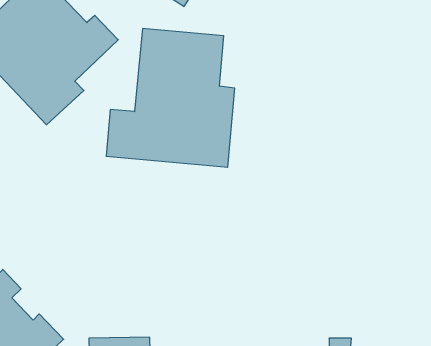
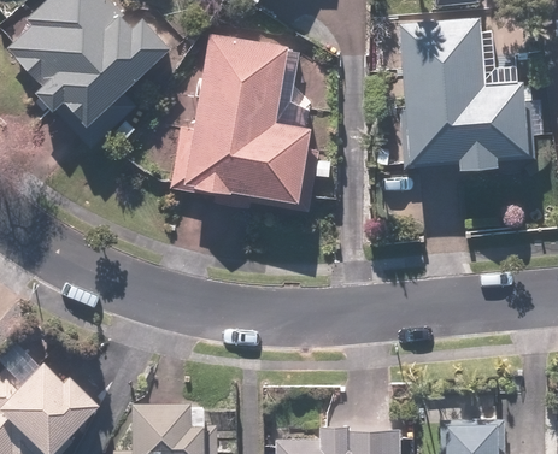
building: none -> [394,17,533,169]

